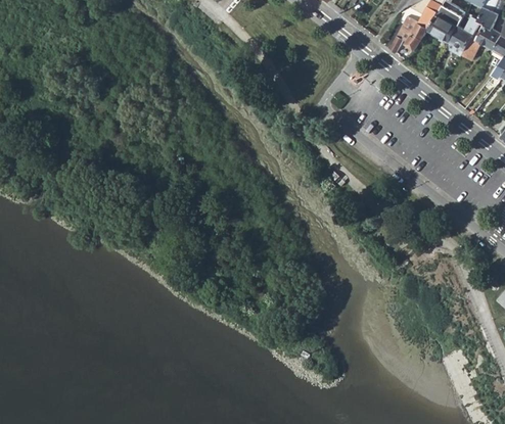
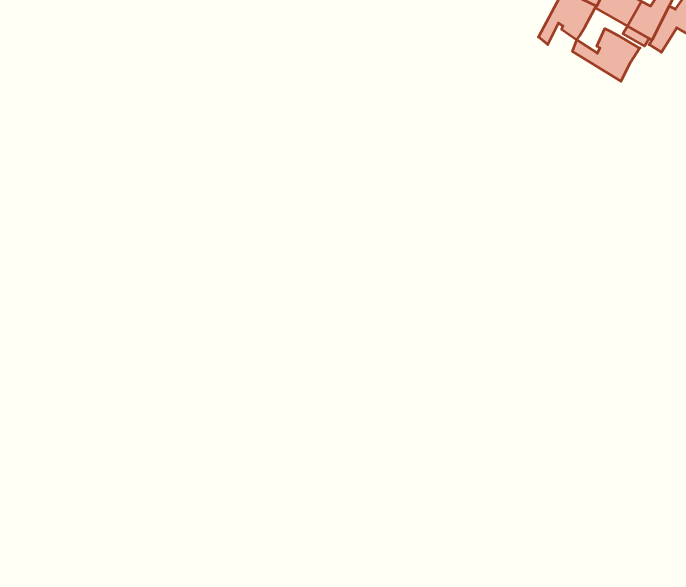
building: none -> [573,29,640,81]

